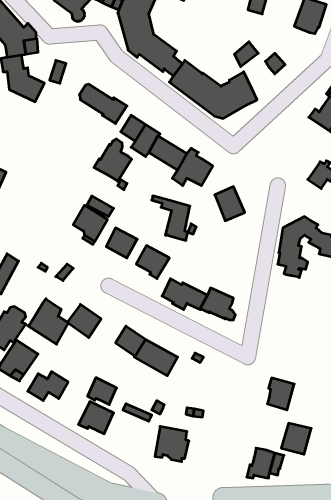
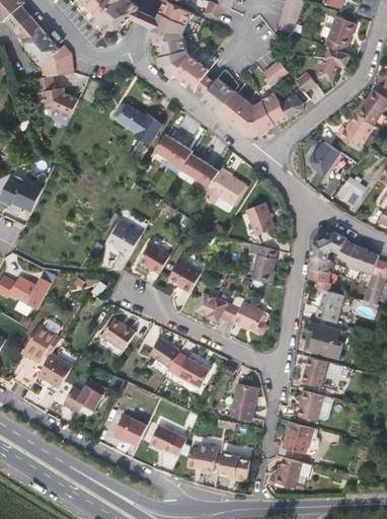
building: none -> [319,48,349,81]
building: none -> [283,86,310,118]
building: none -> [314,144,344,175]
building: [94,139,132,181] -> none
building: [152,196,190,240] -> [238,240,276,284]
building: none -> [313,289,345,322]
building: [28,299,68,344] -> none
building: none -> [304,322,346,359]
building: none -> [301,357,341,391]
building: none -> [229,382,256,420]
building: [88,378,117,405] -> [150,426,178,452]
building: [281,423,311,454] -> [283,423,312,453]
building: none -> [217,444,252,481]

